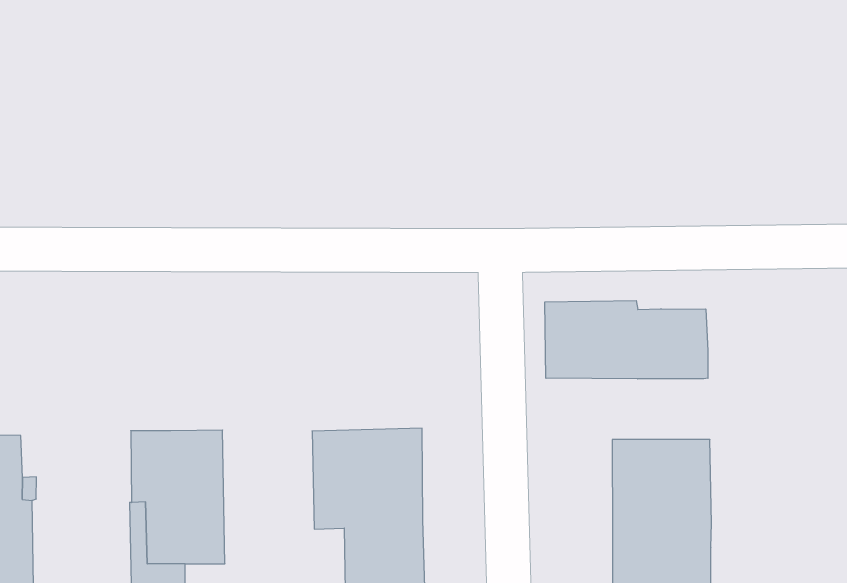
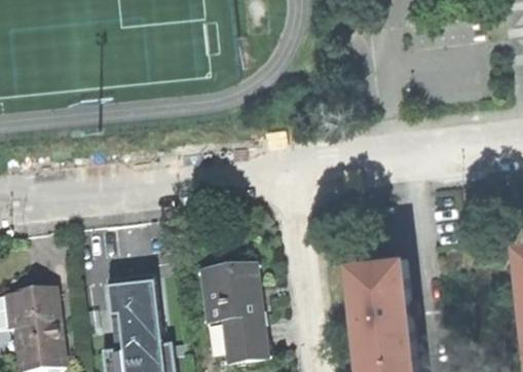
building: [545,301,708,379] -> none

